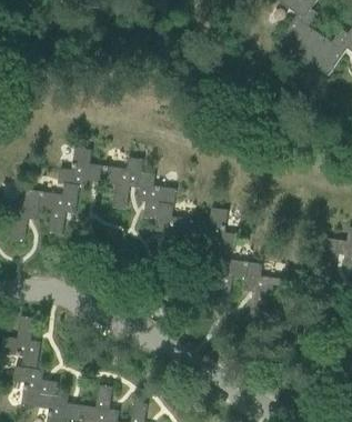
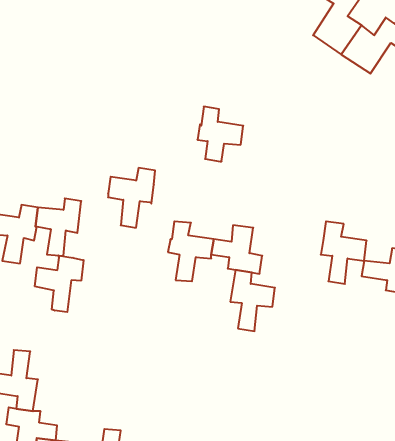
building: [57,147,103,187] -> none
building: [135,171,175,219] -> [197,107,243,161]
building: none -> [35,255,84,312]
building: [242,261,282,315] -> [321,221,367,284]

